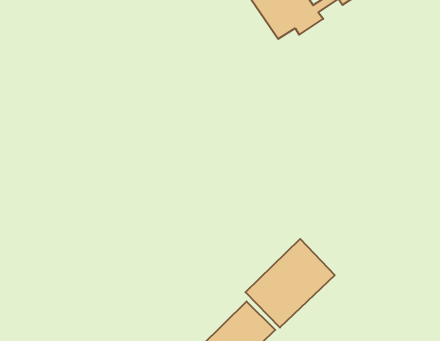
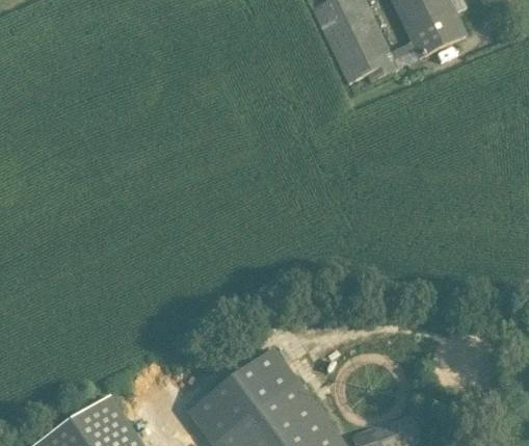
building: [245,239,335,328] -> none

